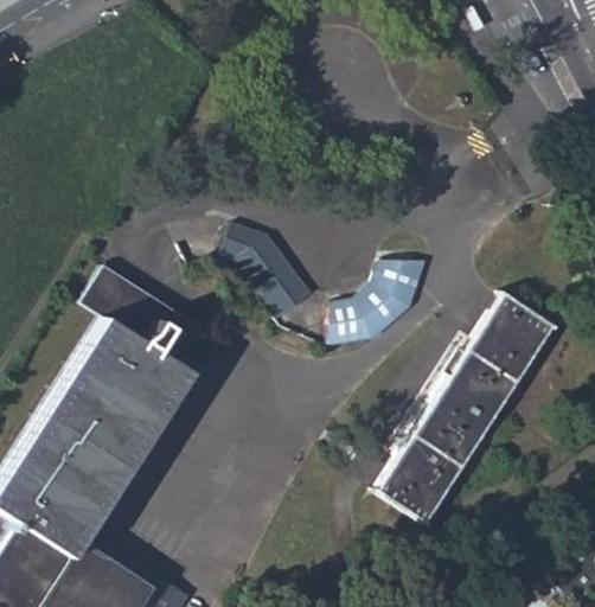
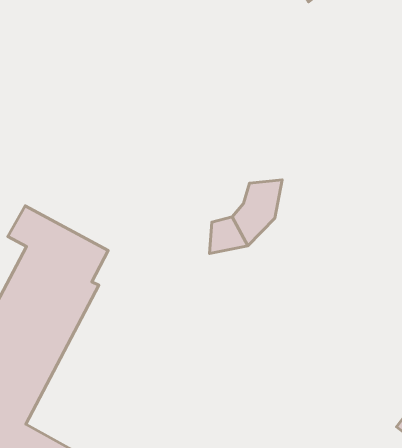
building: [218,225,308,319] -> none
building: [379,292,554,524] -> none

